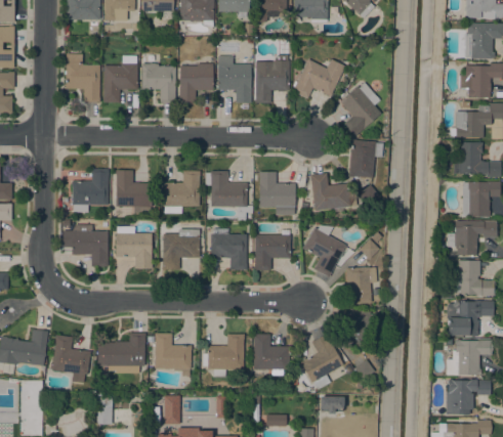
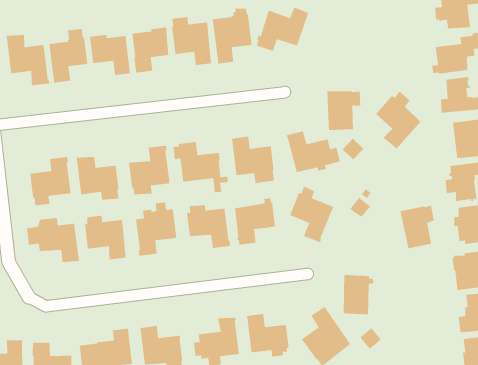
building: [339,83,380,136] -> [375,91,421,150]
building: [345,267,376,305] -> [400,205,435,249]

